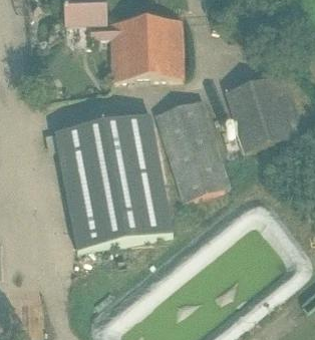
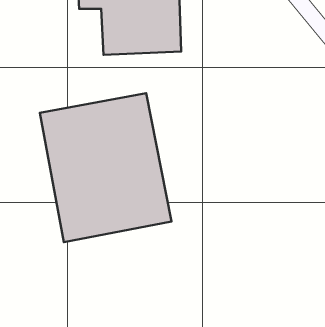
building: [226,74,292,149] -> none
building: [155,97,229,199] -> none

